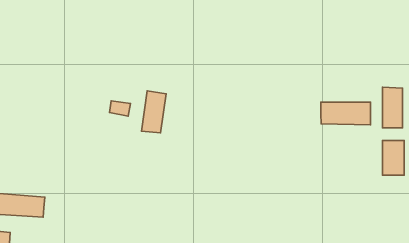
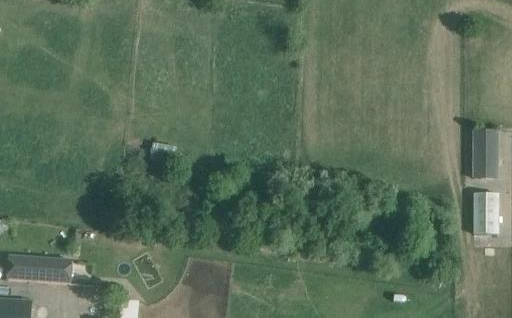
building: [141,91,166,133] -> none
building: [321,102,370,125] -> none

